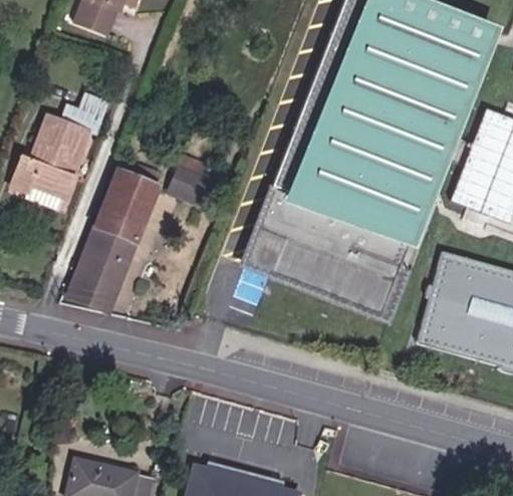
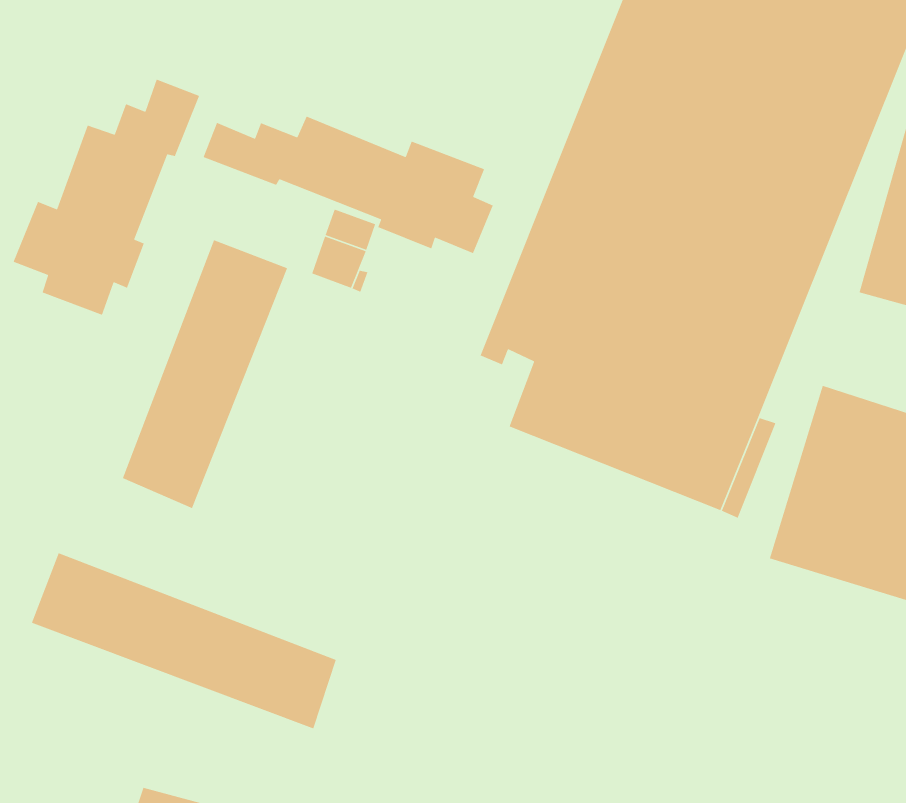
building: none -> [203,116,494,254]
building: [247,230,286,270] -> none
building: none -> [31,552,337,729]

